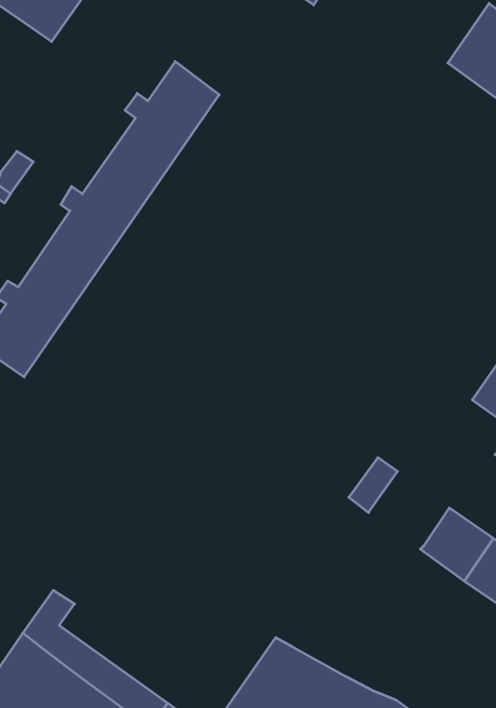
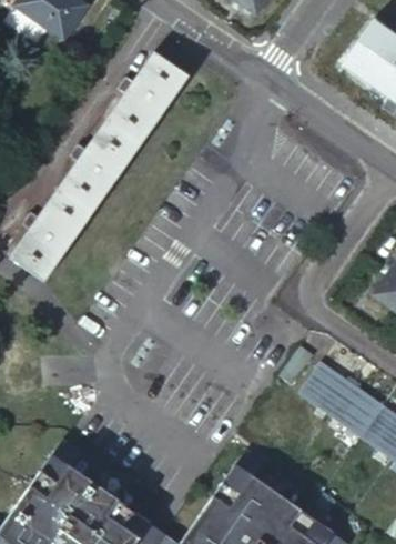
building: none -> [299,361,351,412]
building: none -> [224,451,312,522]

